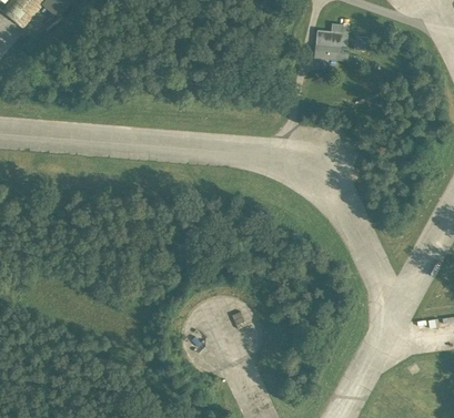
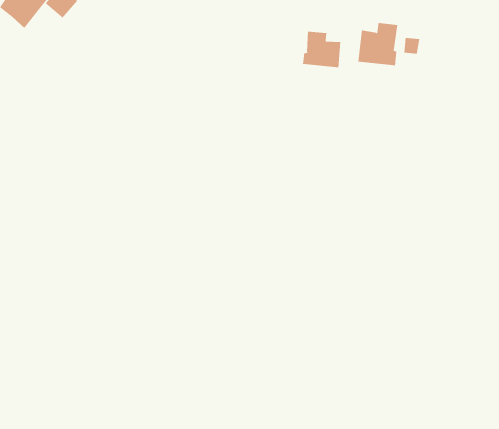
building: none -> [303,31,341,68]

